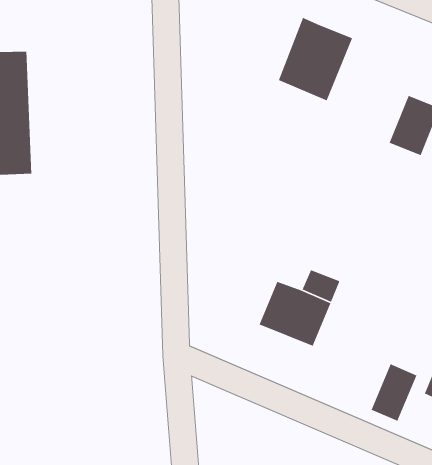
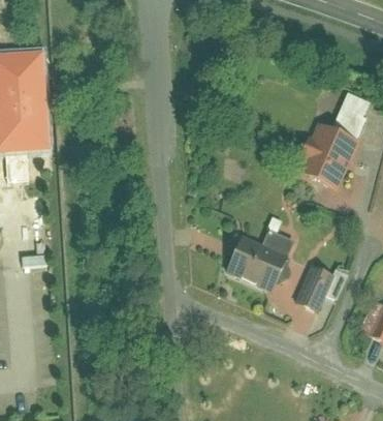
building: [278,17,353,101] -> [297,123,357,190]
building: [371,363,417,422] -> [296,264,333,310]

